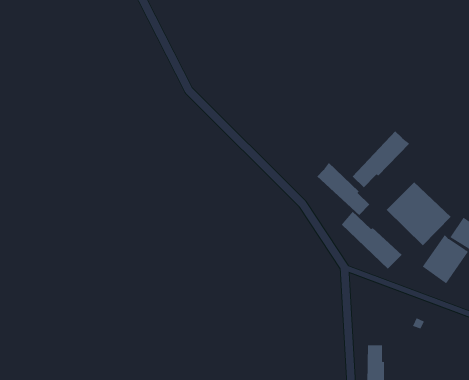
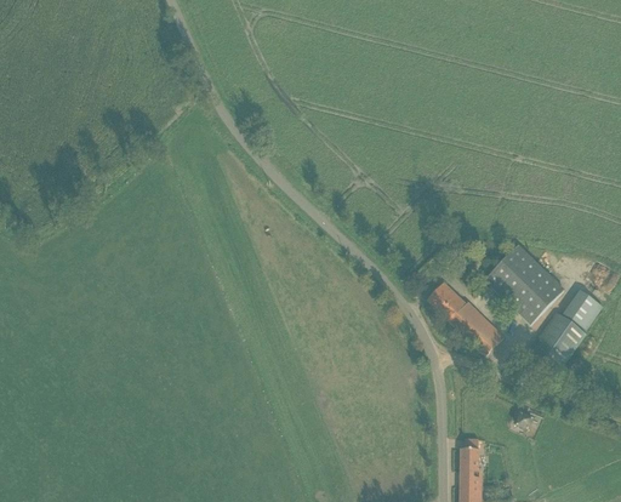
building: [352,130,410,188] -> none
building: [317,162,370,216] -> none

